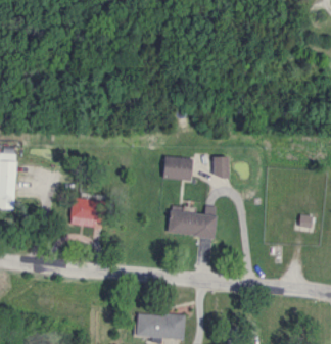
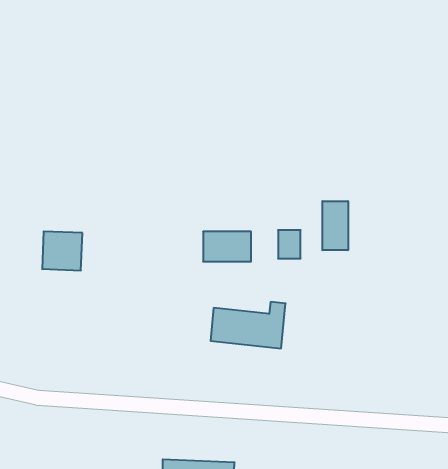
building: none -> [322,201,348,250]
building: [70,199,98,226] -> [42,231,82,270]

